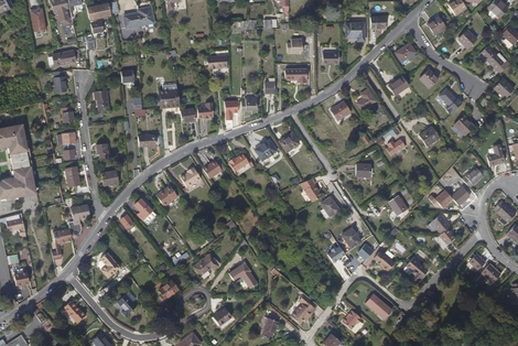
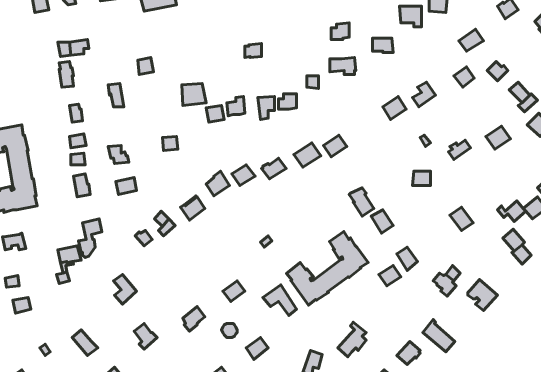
building: none -> [287,232,368,305]

